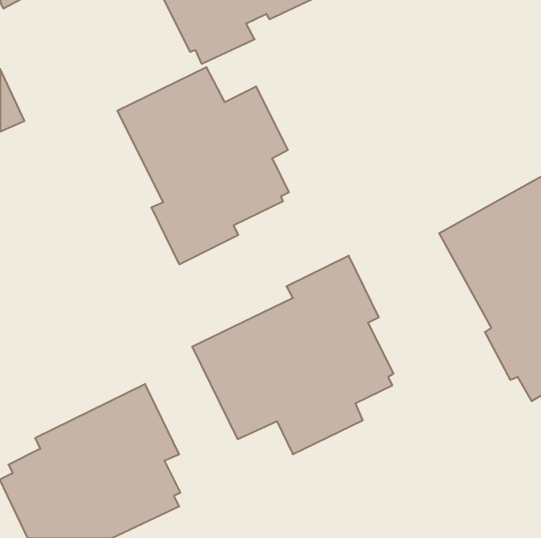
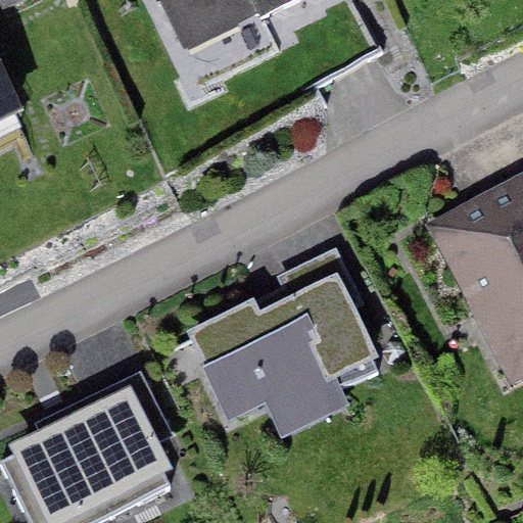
building: [117,67,289,264] -> none

